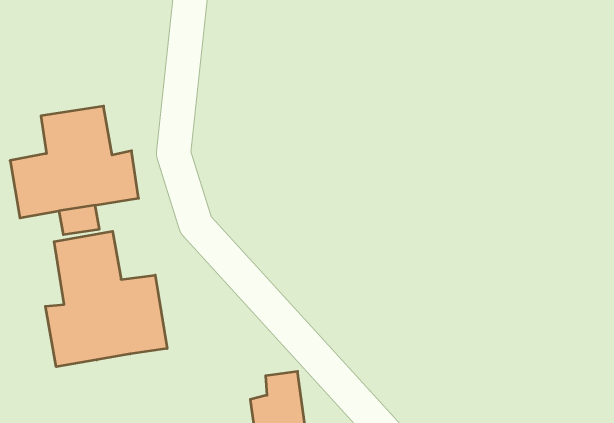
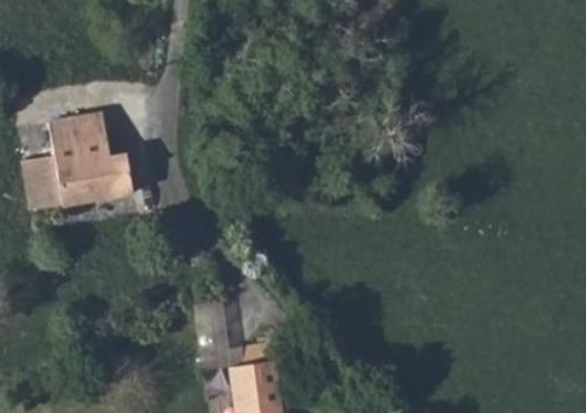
building: [45,231,167,367] -> none

